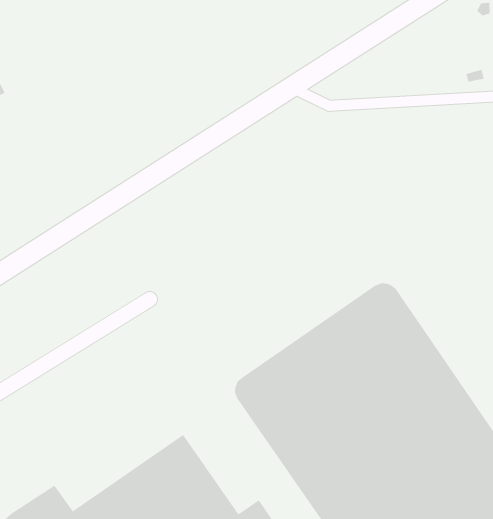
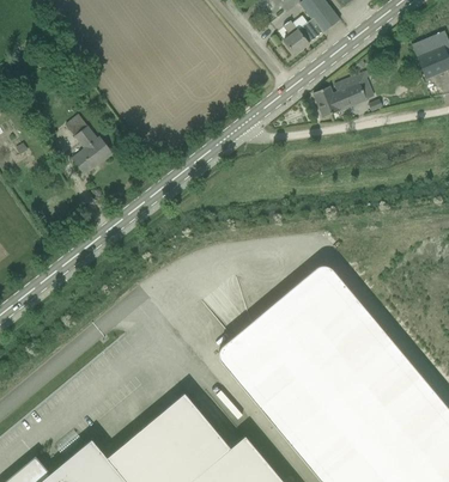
building: none -> [314,71,376,118]
building: none -> [66,115,113,173]

